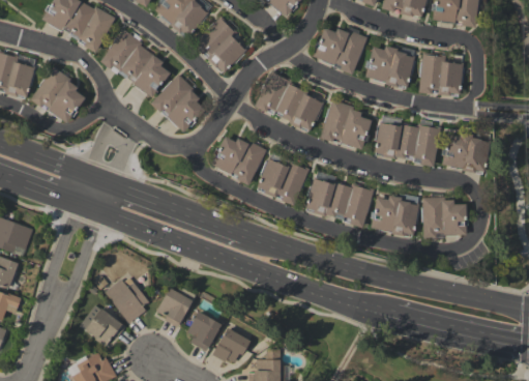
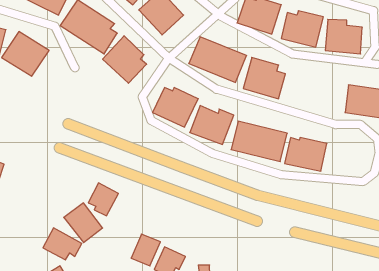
building: [374,121,440,164] -> none
building: [422,197,467,236] -> none
building: [156,287,193,326] -> [88,183,118,216]

